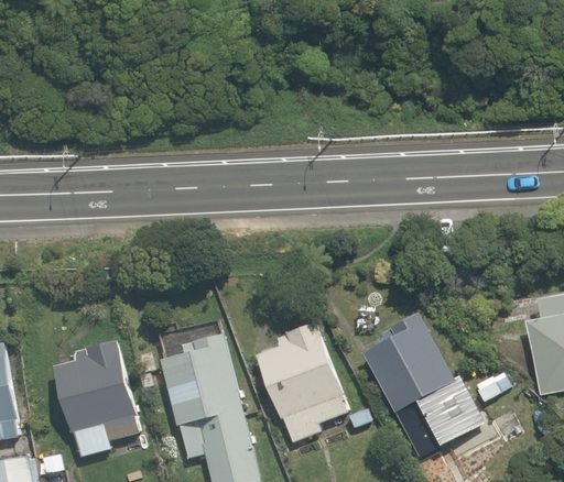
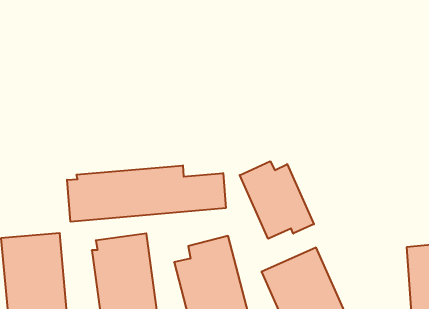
building: none -> [240,161,314,239]
building: none -> [67,165,226,222]

